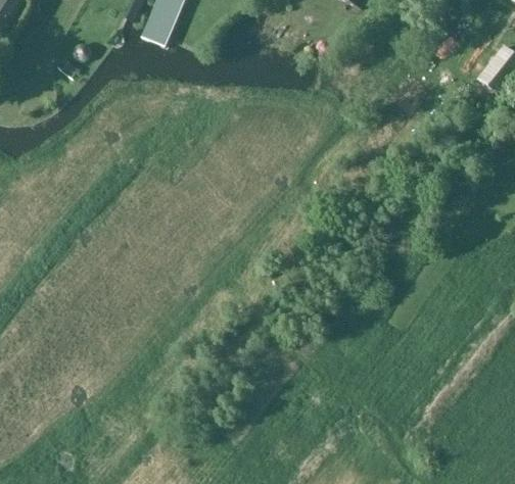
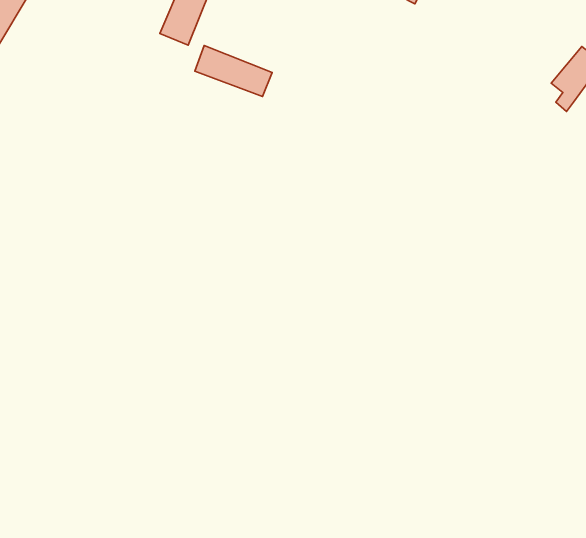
building: none -> [195,46,272,96]

